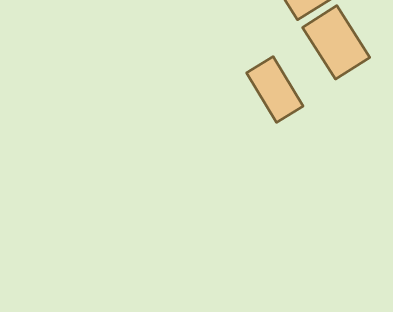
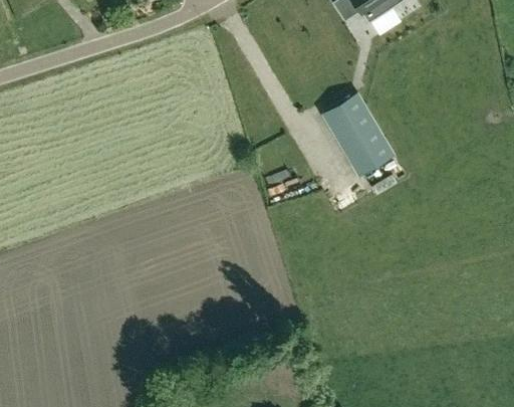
building: [303,6,370,79] -> none

